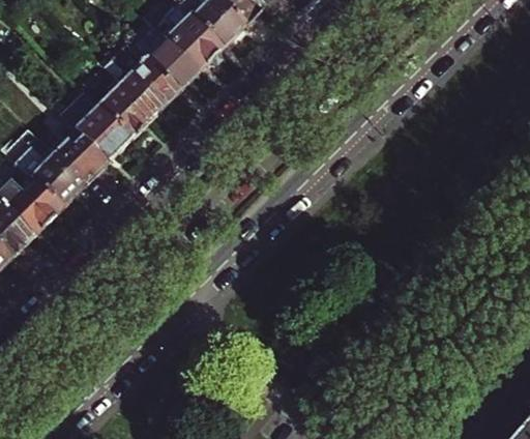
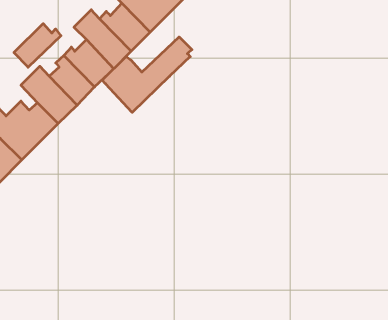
building: none -> [14,24,61,67]
building: none -> [102,37,192,112]

